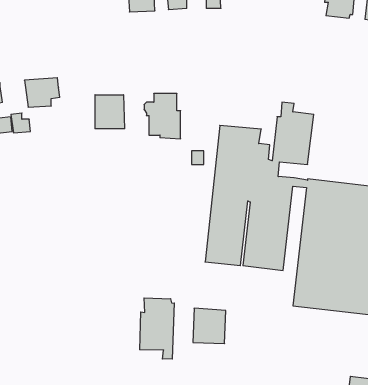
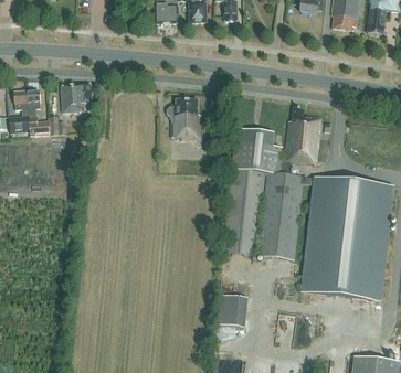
building: [95,95,125,129] -> none
building: [140,298,174,359] -> none

